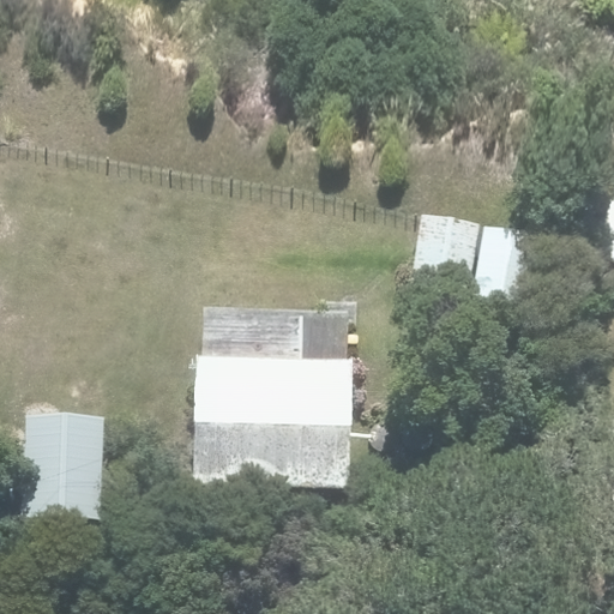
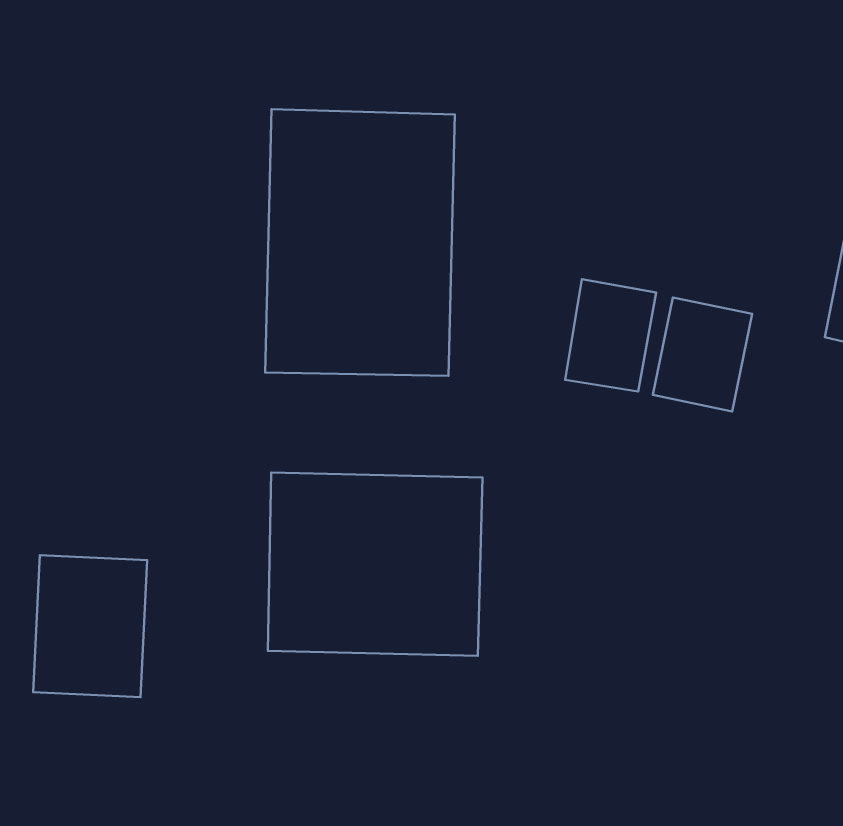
building: none -> [265,109,455,376]

